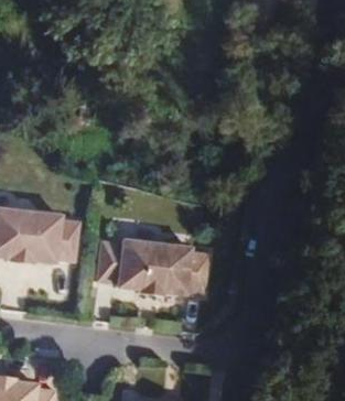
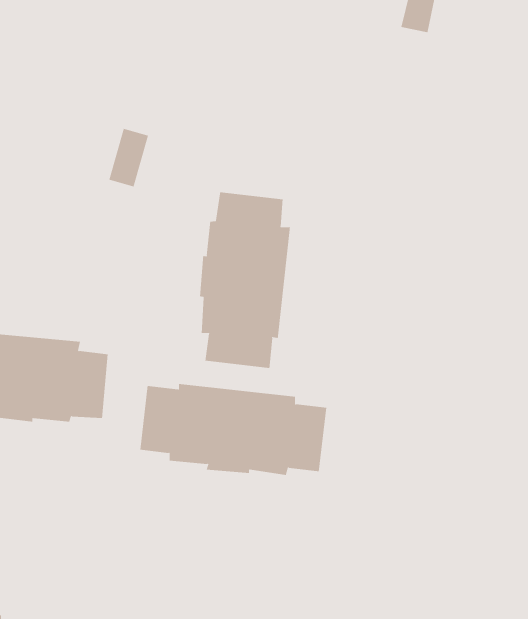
building: none -> [200,191,290,369]

